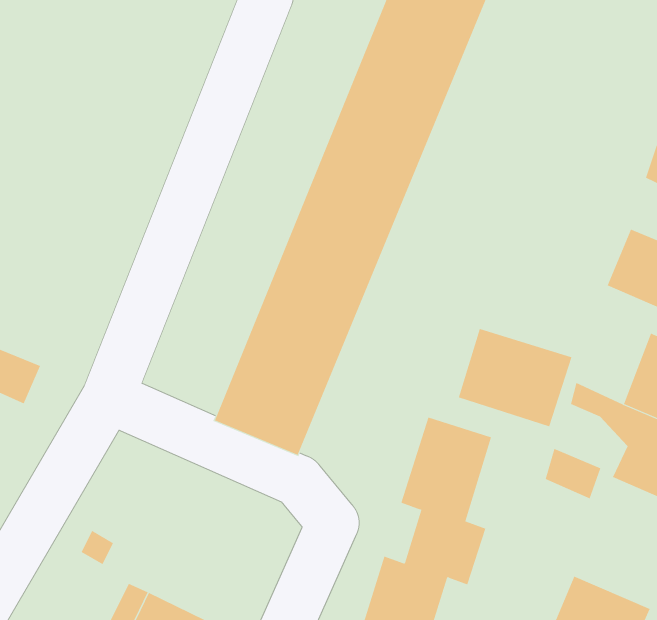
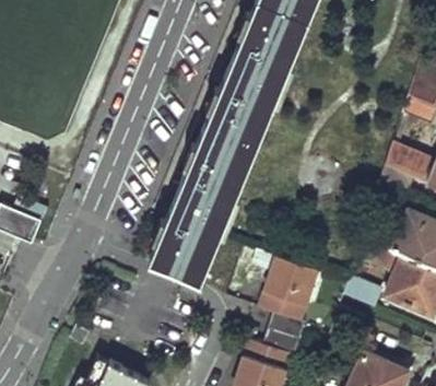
building: [458,328,572,427] -> none

